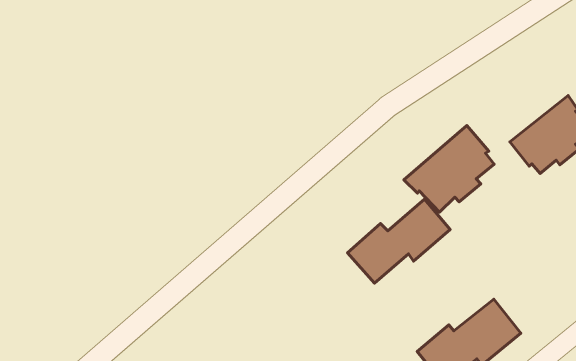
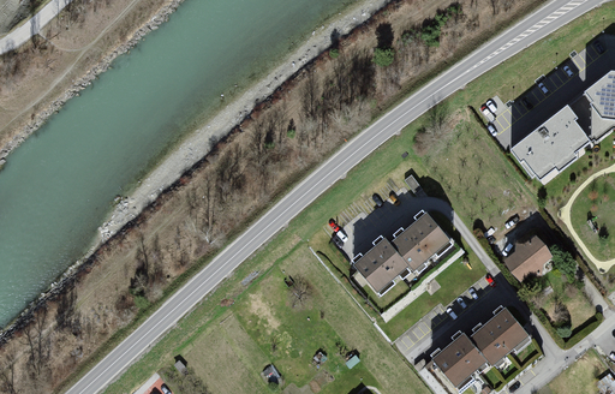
building: [404,125,494,212] -> none
building: none -> [495,234,545,281]

